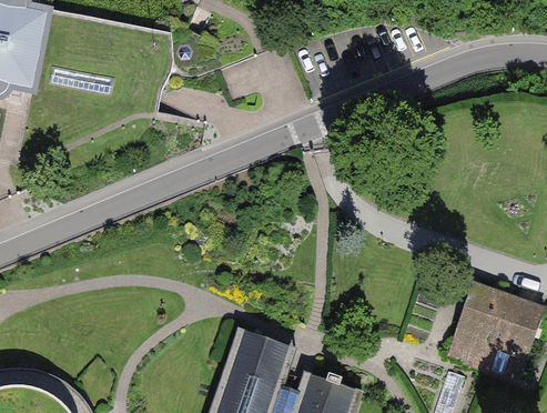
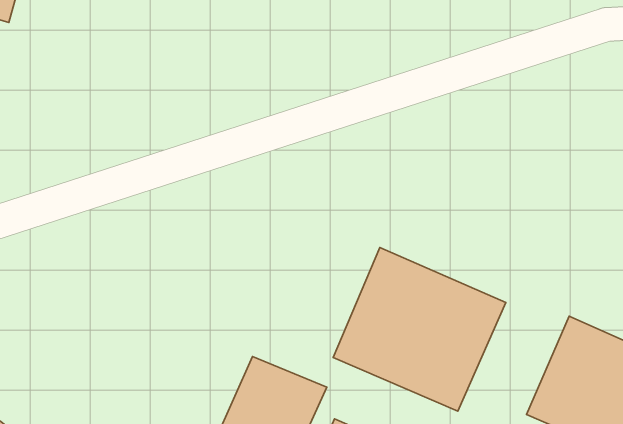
building: none -> [333,247,506,411]

